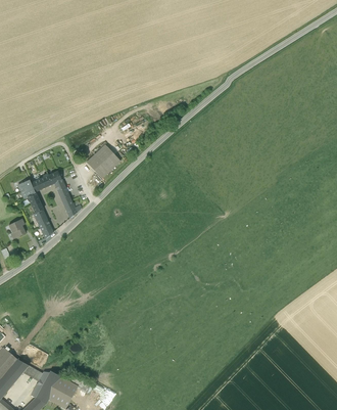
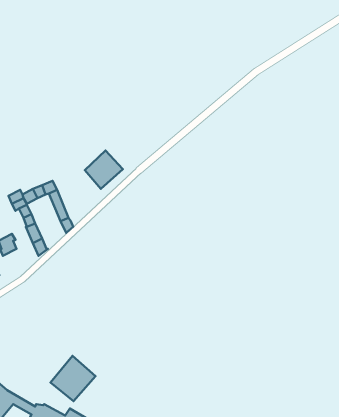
building: none -> [51,356,96,401]

